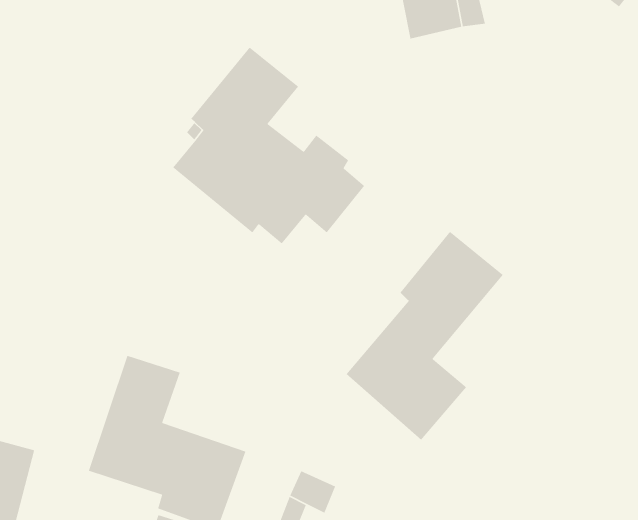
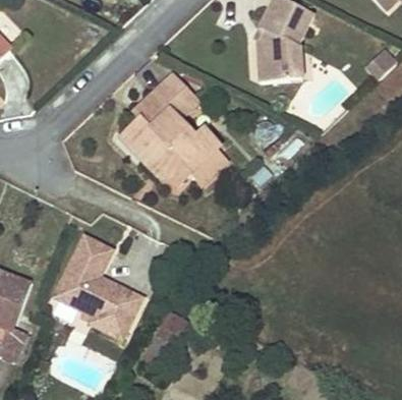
building: [345,231,504,441] -> none

